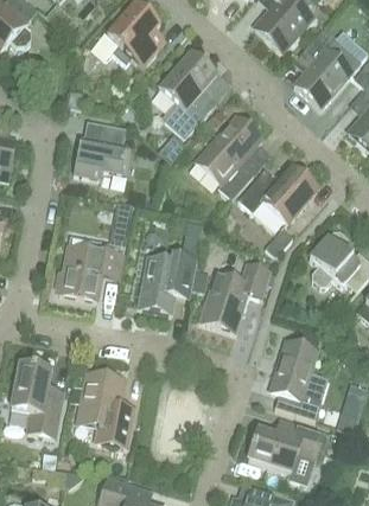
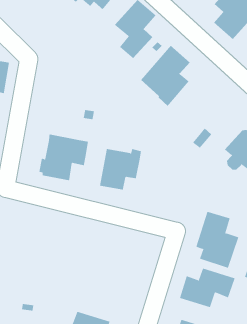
building: [72,124,126,177] -> none
building: [236,162,317,223] -> none
building: [199,262,269,332] -> none
building: [11,364,61,436] -> none
building: [70,371,134,447] -> none

